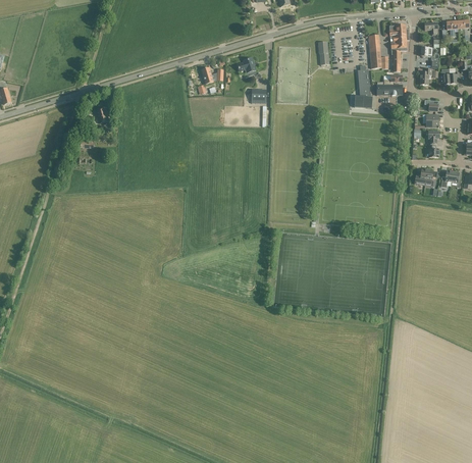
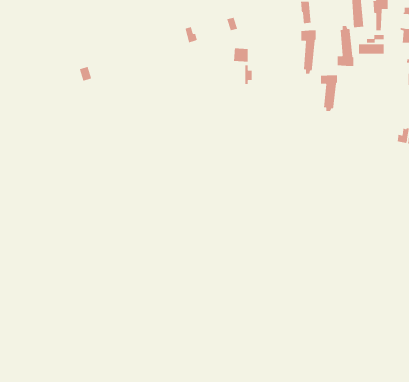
building: none -> [300,29,316,74]
building: none -> [320,74,338,112]

